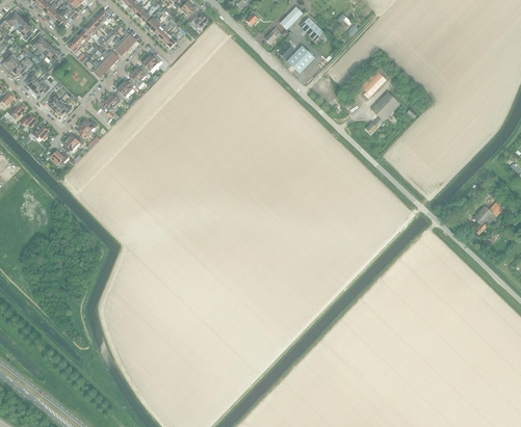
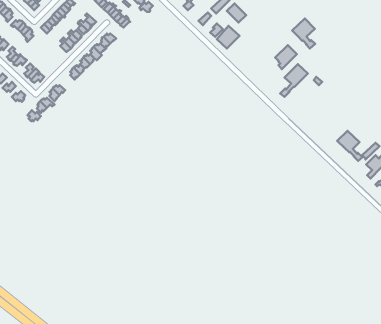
building: none -> [292,19,315,48]
building: none -> [337,131,362,161]

